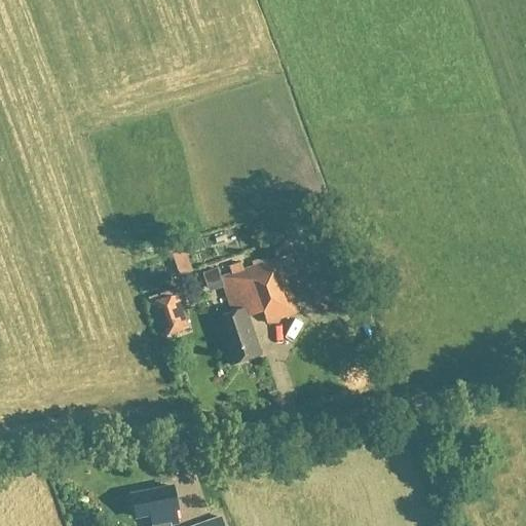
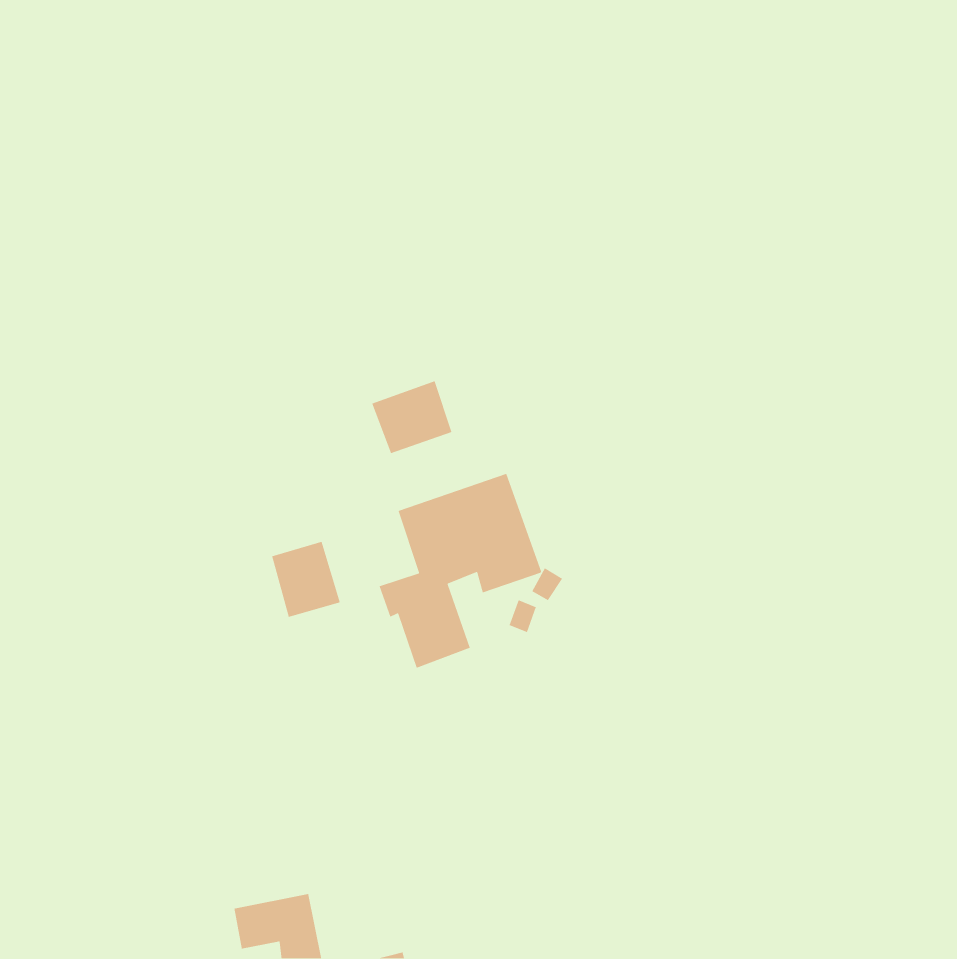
building: none -> [371,380,452,454]

